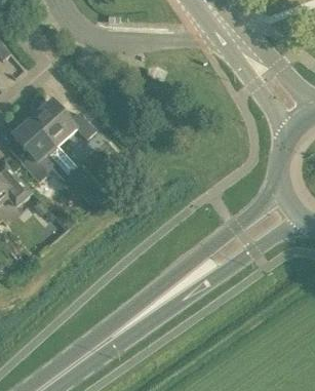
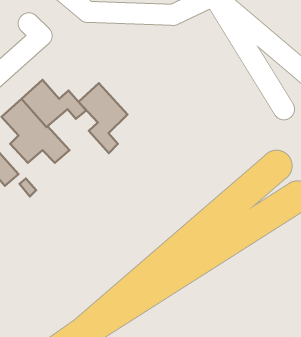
building: none -> [79,83,128,153]

